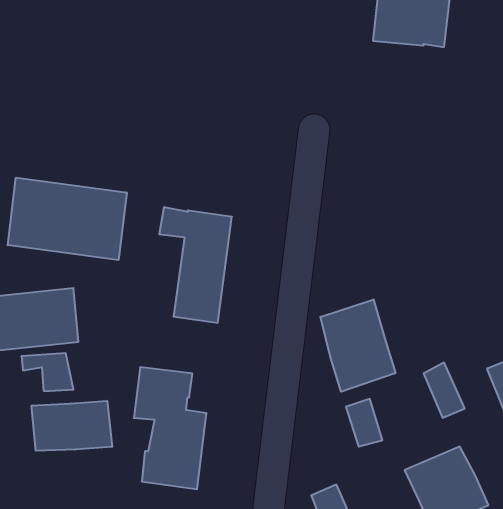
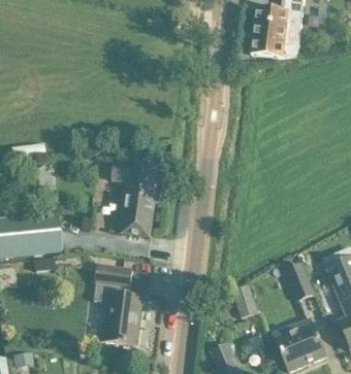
building: [8,178,127,260] -> none
building: [320,299,395,392] -> none
building: [32,401,112,451] -> none

